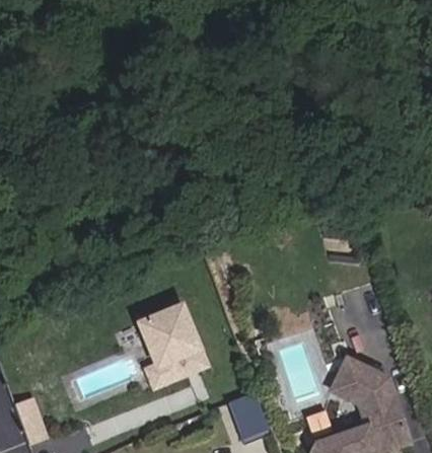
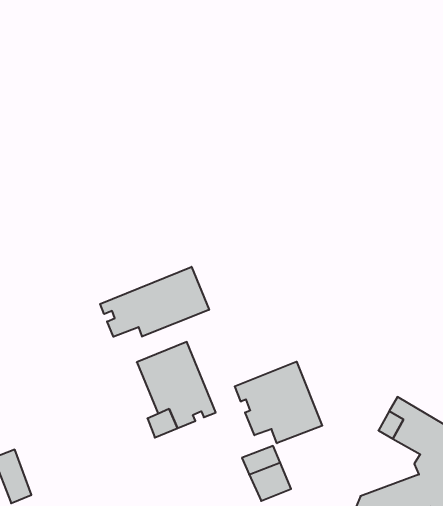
building: none -> [100,267,209,337]
building: none -> [235,362,322,443]

